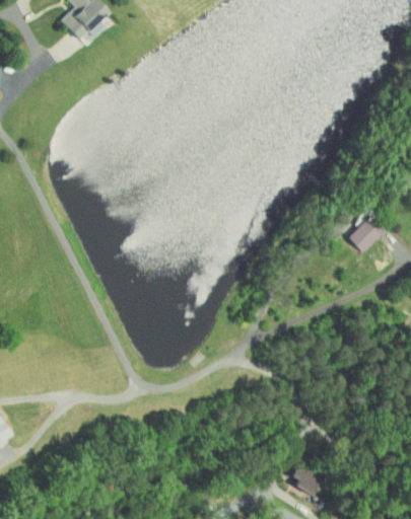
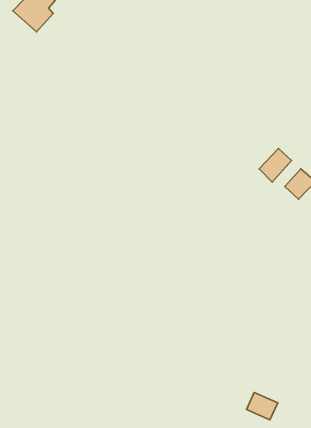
building: none -> [259,148,292,182]

